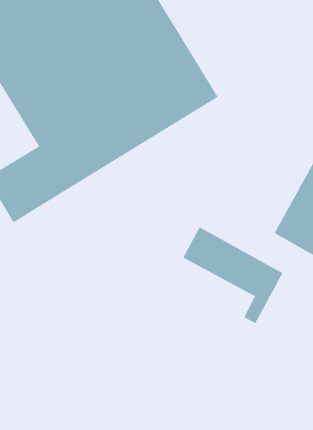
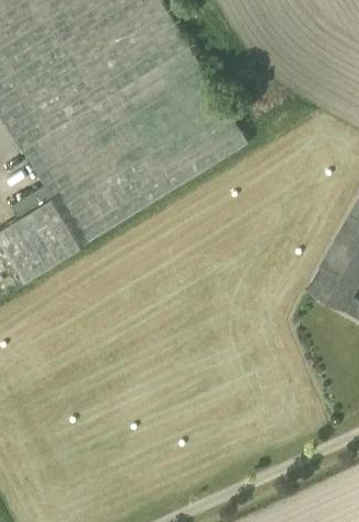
building: [182,226,283,324] -> none

